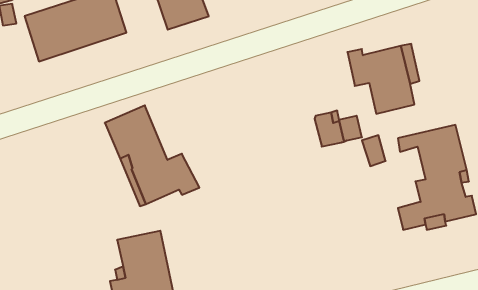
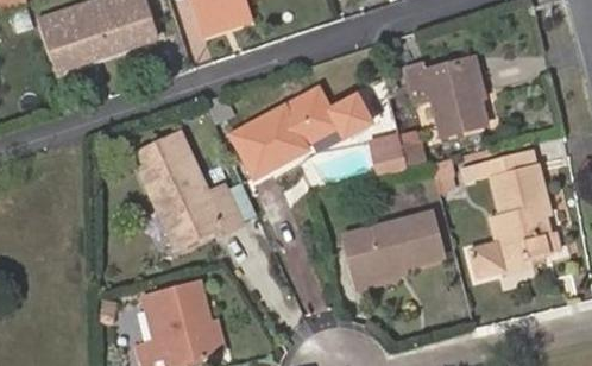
building: none -> [231,83,371,170]
building: none -> [344,212,440,276]

